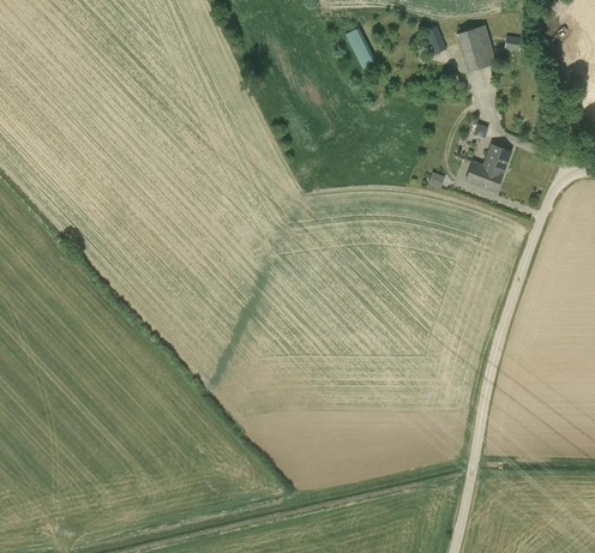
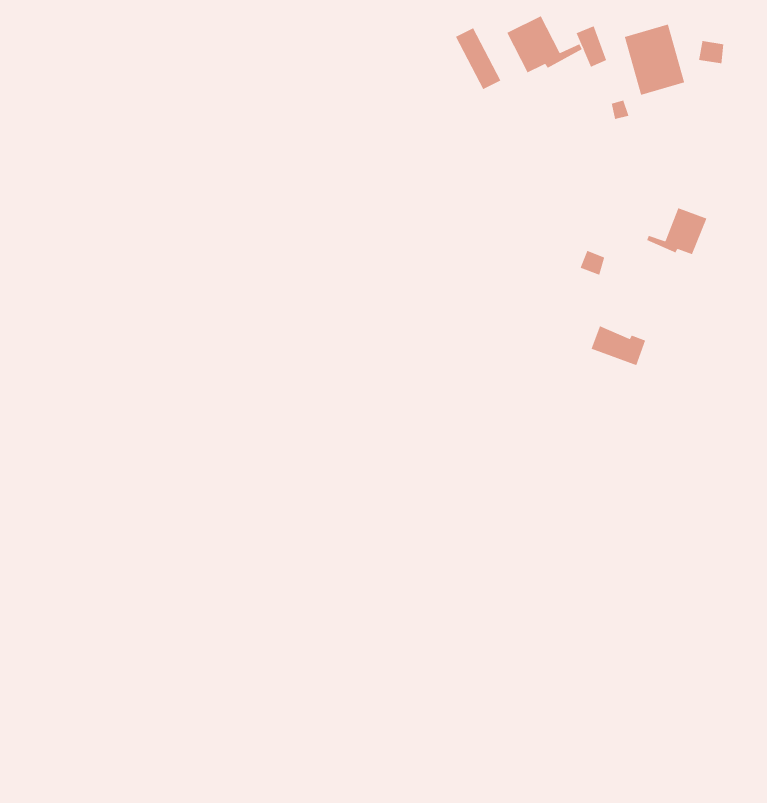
building: none -> [506,15,583,74]
building: [464,166,500,192] -> [590,325,646,366]

